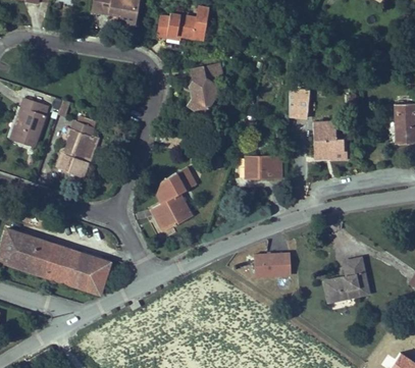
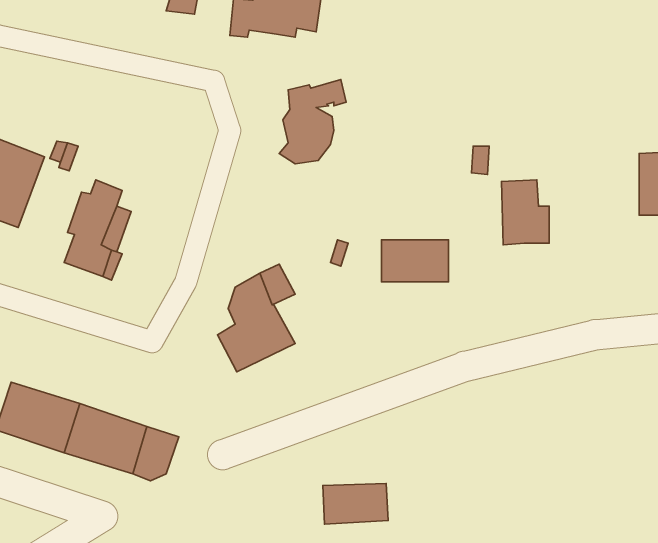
building: [254,255,292,278] -> [323,484,388,524]
building: [323,258,370,304] -> none

